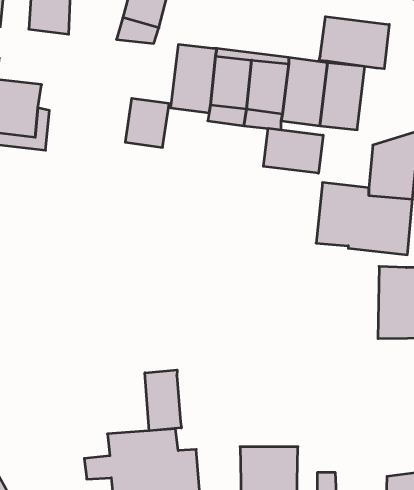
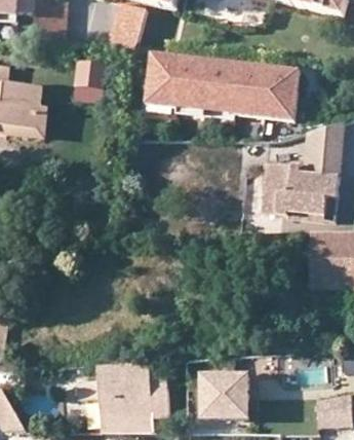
building: [319,17,389,69] -> none
building: [125,98,169,147] -> [72,62,107,101]
building: [263,128,323,173] -> none
building: [145,370,181,431] -> none

